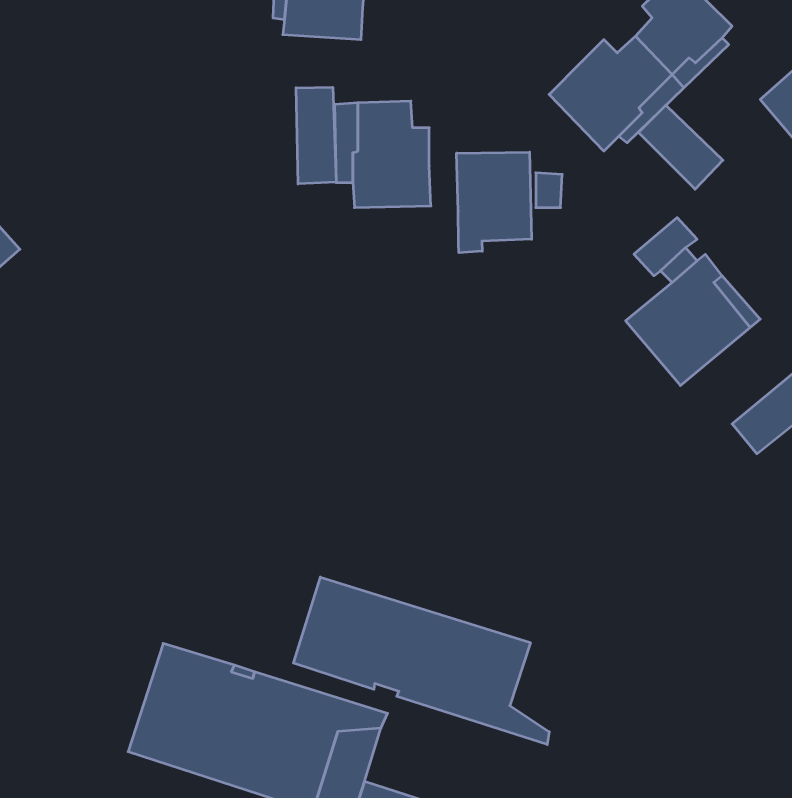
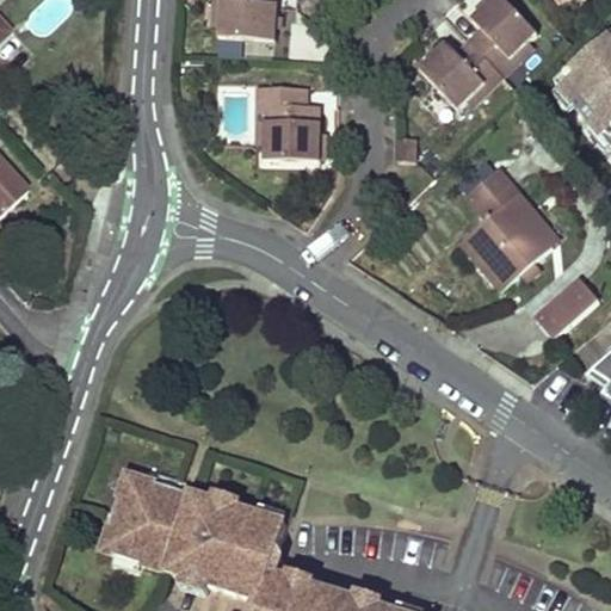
building: [296,87,336,184] -> none
building: [638,105,723,189] -> none
building: [457,152,532,253] -> none
building: [293,577,549,745] -> none

